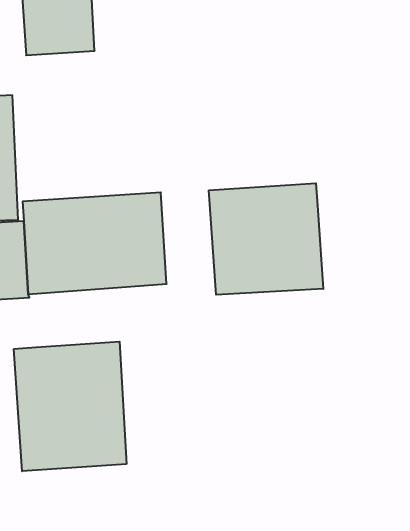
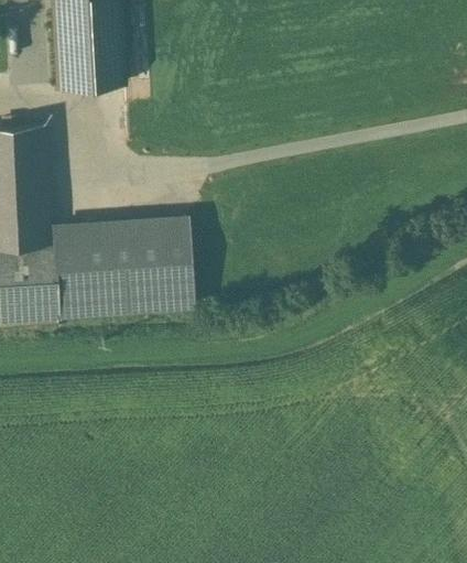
building: [209,183,323,295] -> none
building: [14,342,126,471] -> none

